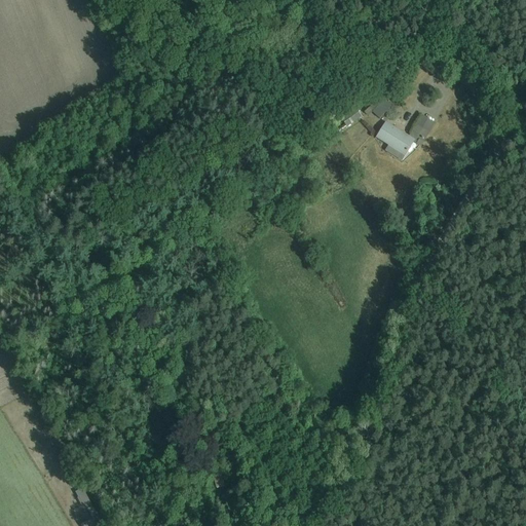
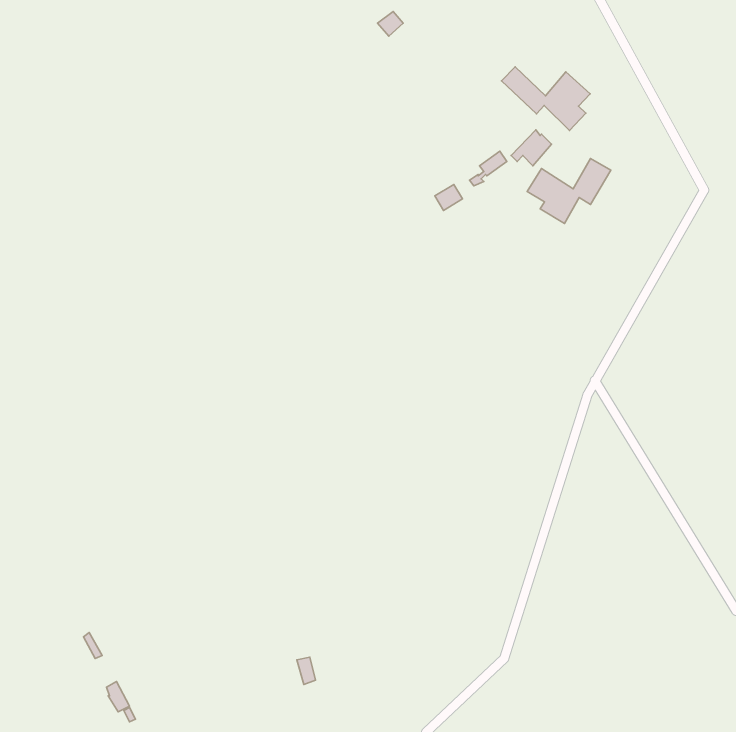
building: none -> [501,67,590,130]

